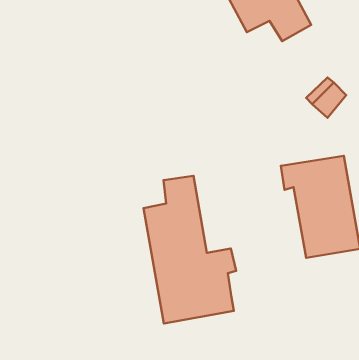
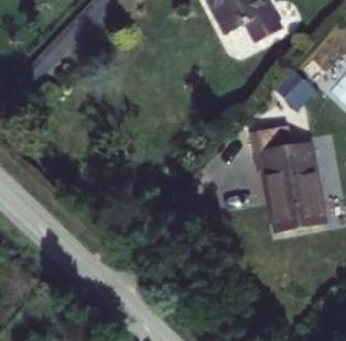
building: [144,176,236,324] -> none

